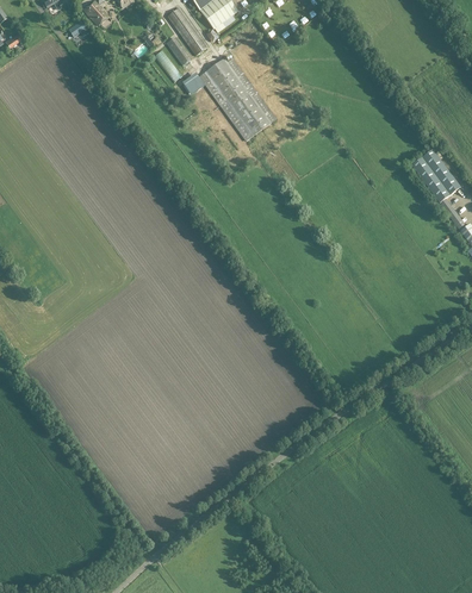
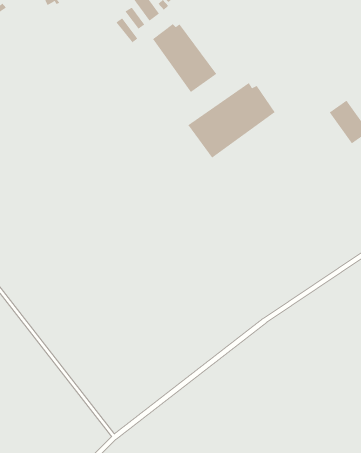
building: none -> [188,82,276,158]

